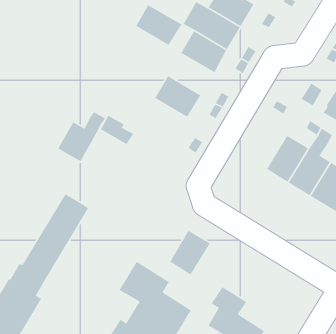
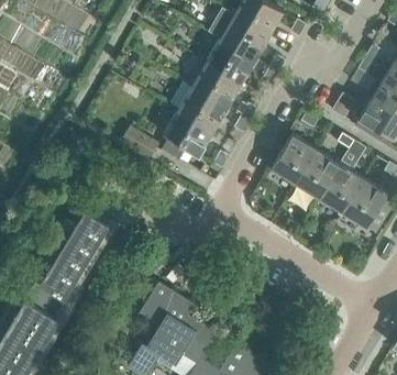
building: [135,4,182,46] -> [192,63,242,107]
building: none -> [162,110,213,159]
building: [57,111,106,162] -> none
building: none -> [272,134,318,185]
building: [169,230,211,276] -> none

